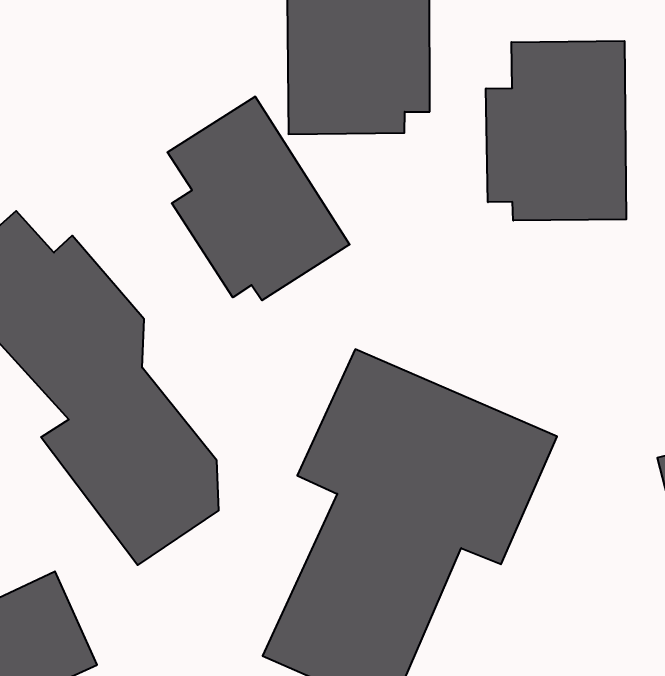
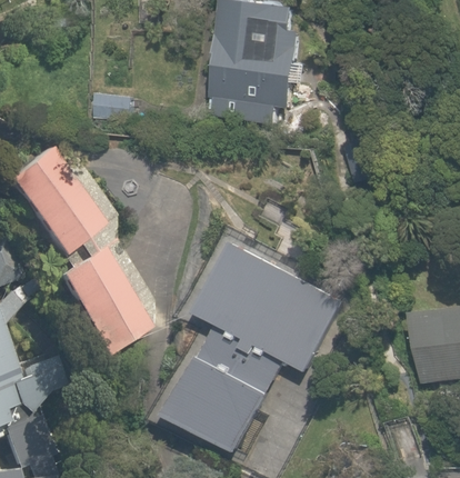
building: [486,41,626,221] -> none
building: [167,96,350,300] -> none

